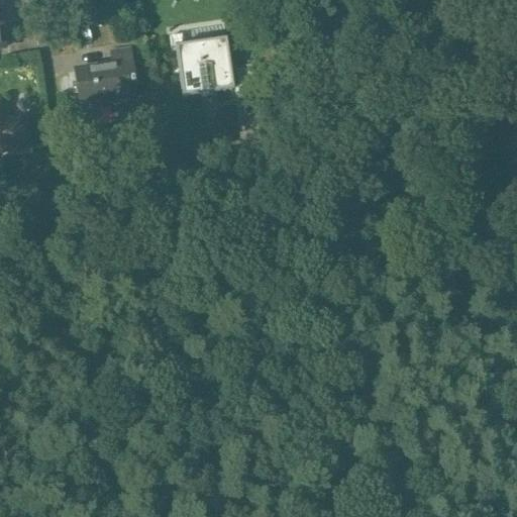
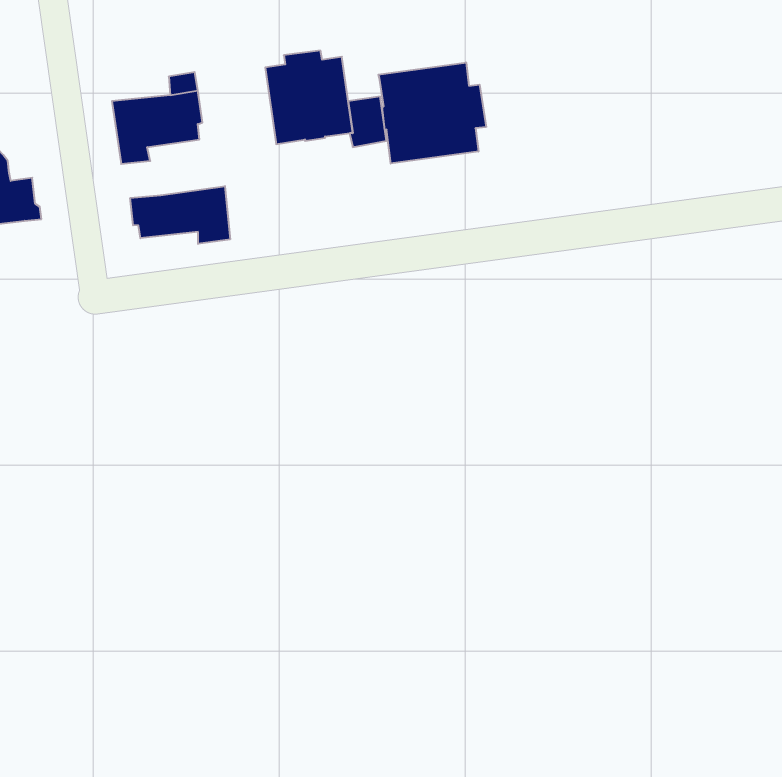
building: none -> [378,62,486,164]
building: none -> [130,186,230,244]

